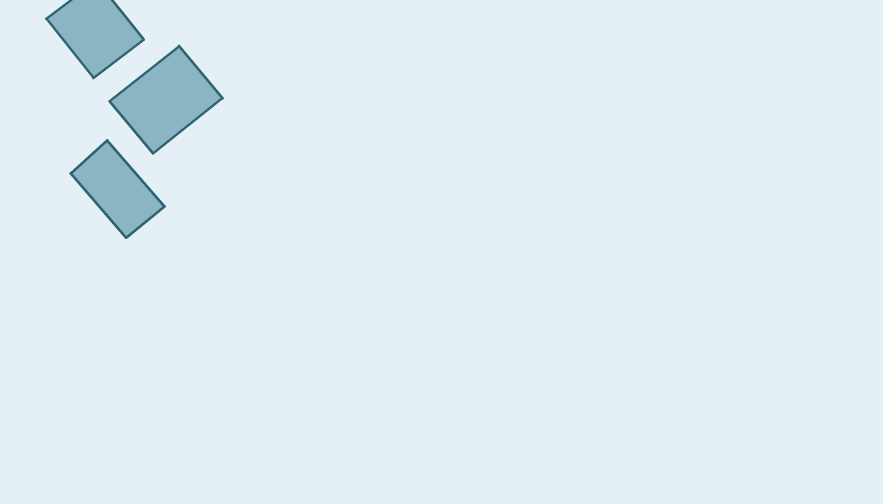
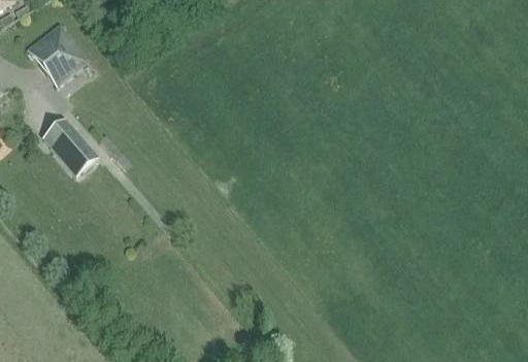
building: [110,46,223,153] -> none

